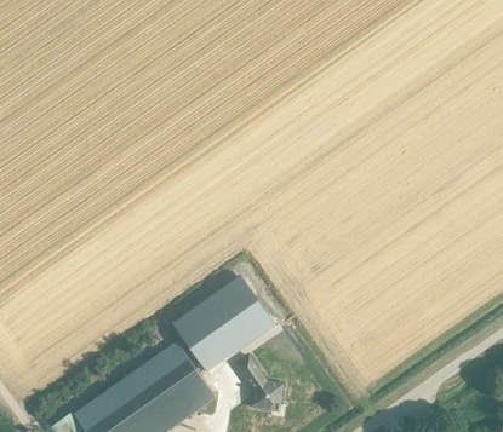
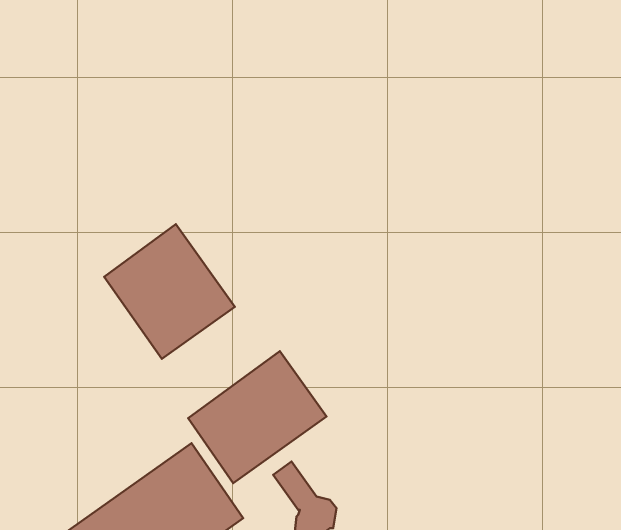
building: none -> [104,224,235,359]

